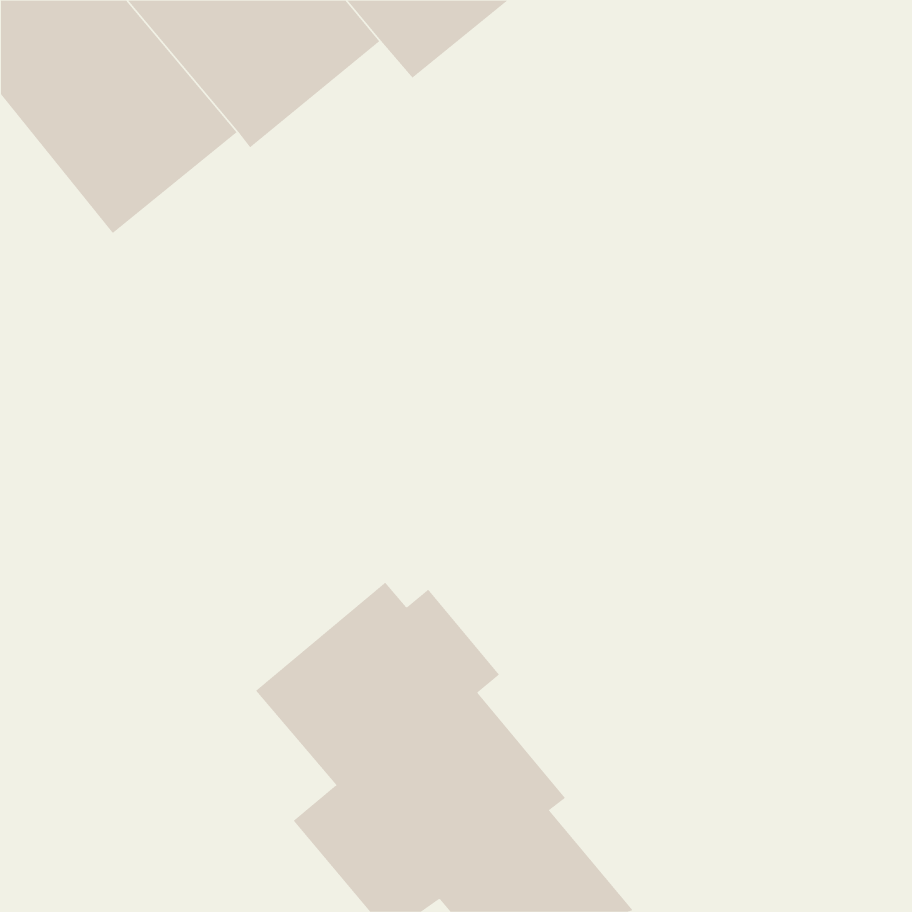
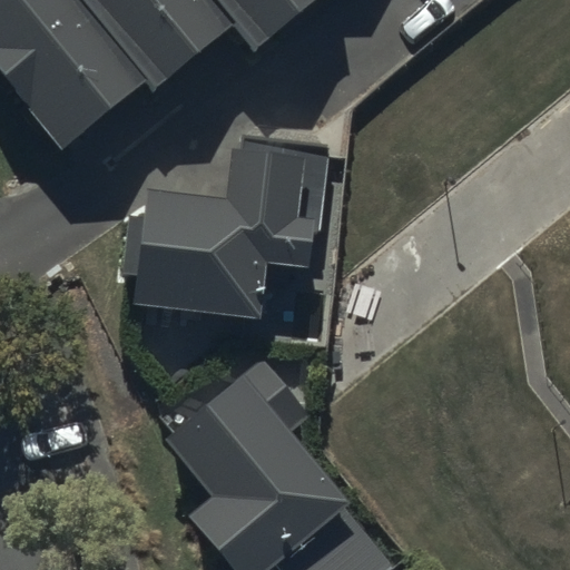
building: none -> [120,142,322,317]

